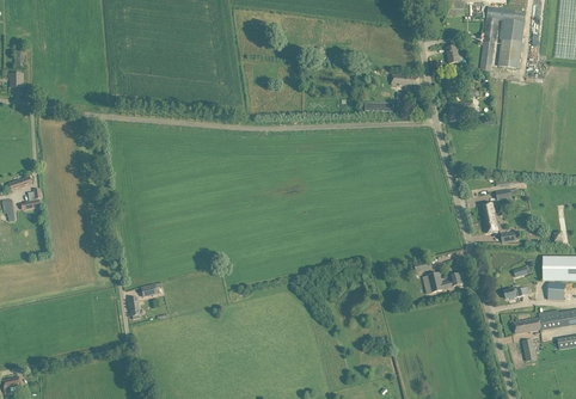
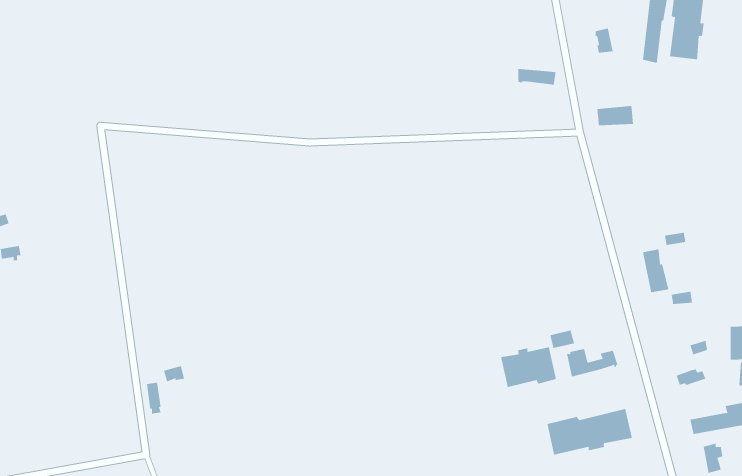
building: none -> [500,346,557,388]
building: none -> [547,408,633,455]

